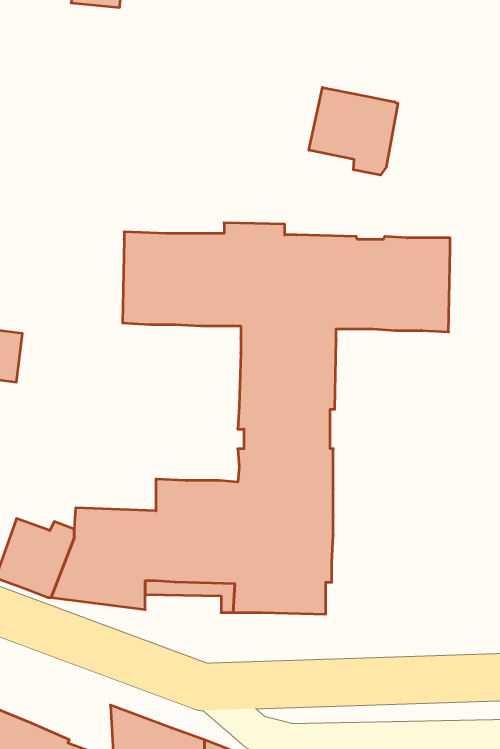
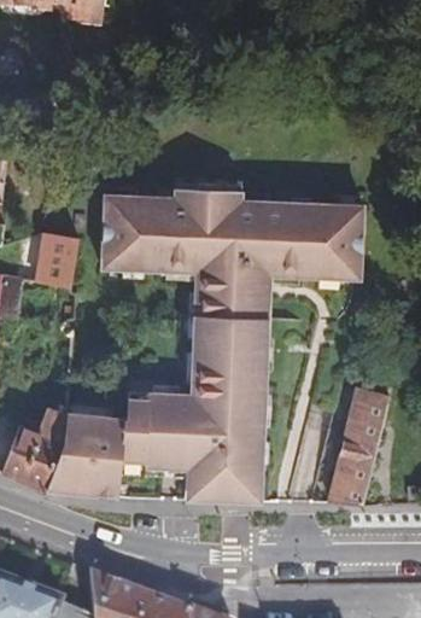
building: [309,87,398,175] -> none
building: none -> [35,232,76,287]
building: none -> [327,387,388,502]

